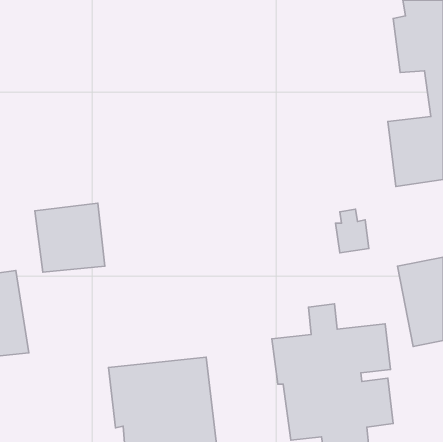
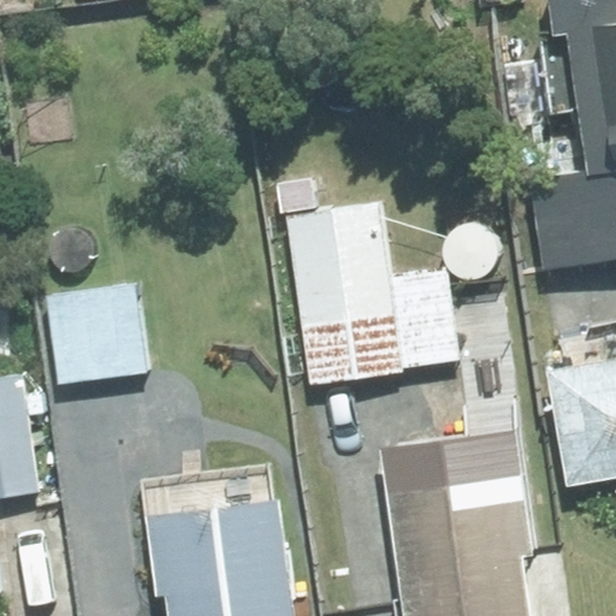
building: none -> [289,205,461,384]

